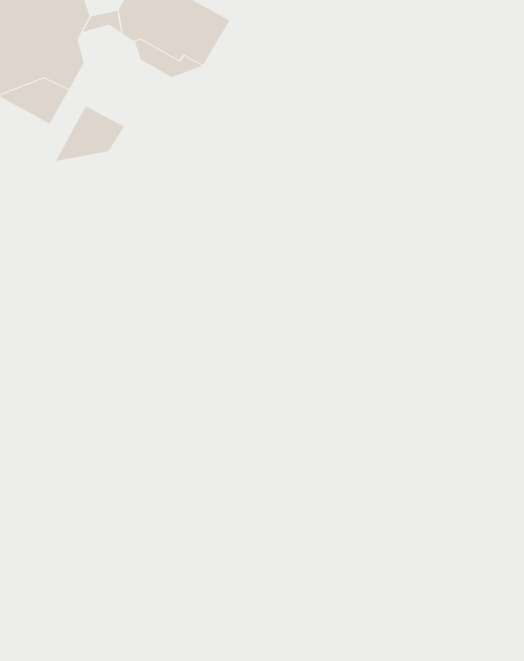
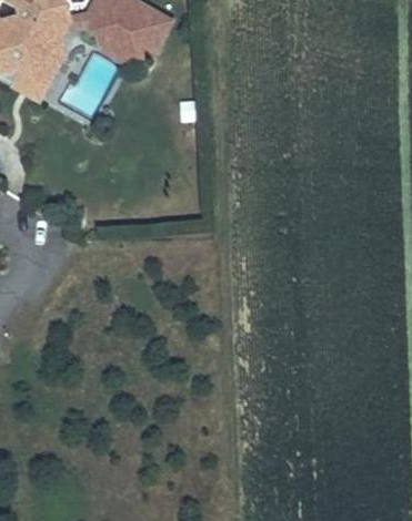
building: [55,106,125,162] -> none

